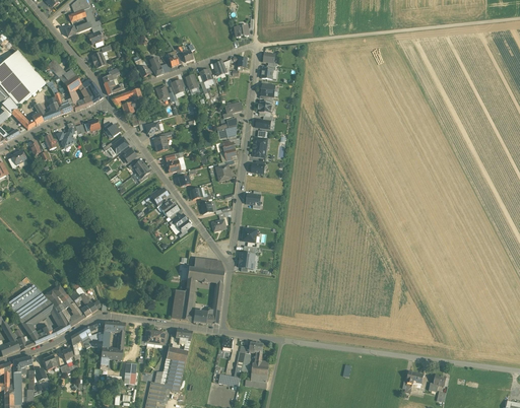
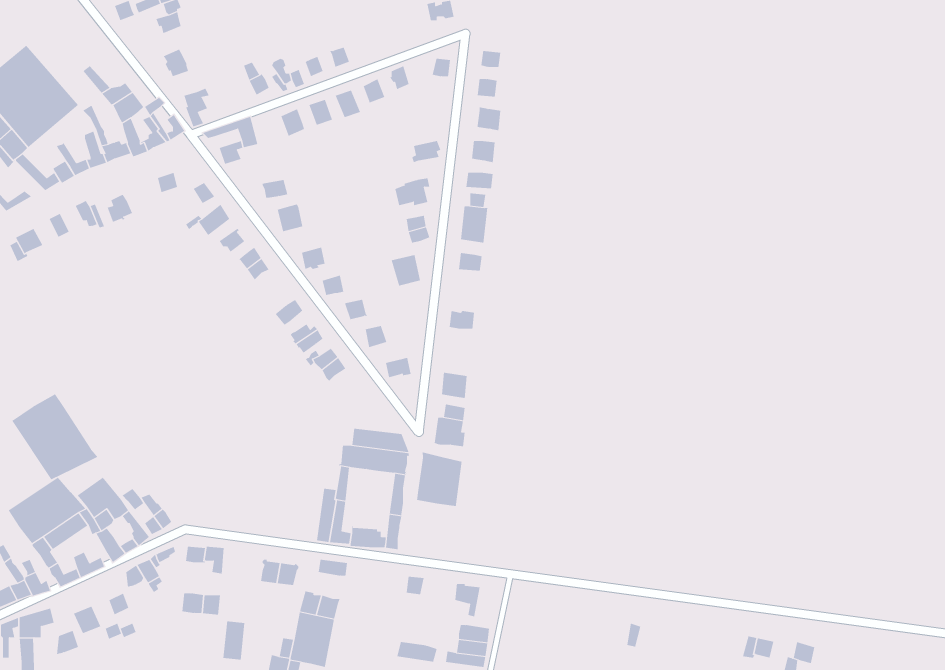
building: none -> [11,393,98,480]
building: none -> [416,452,462,507]

